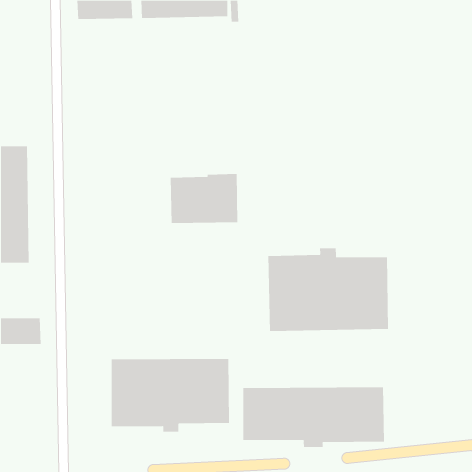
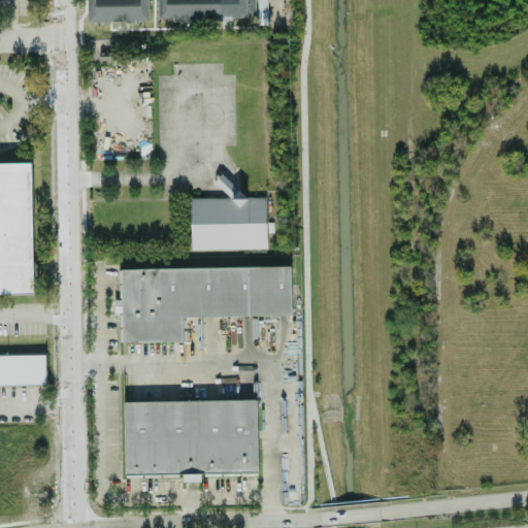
building: none -> [121,266,291,342]
building: [268,247,389,332] -> none
building: [243,386,384,448] -> none

